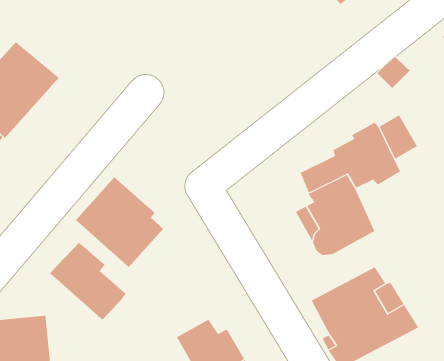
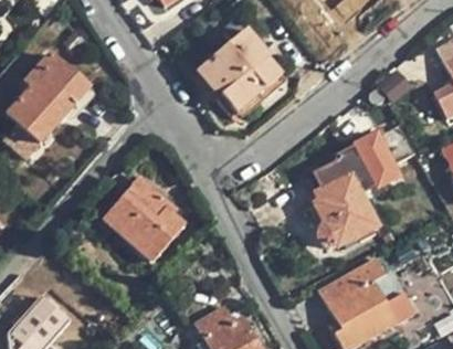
building: none -> [197,31,278,112]
building: [49,242,127,320] -> none

